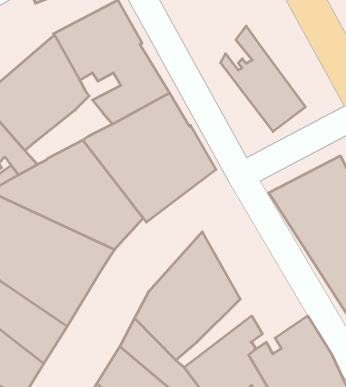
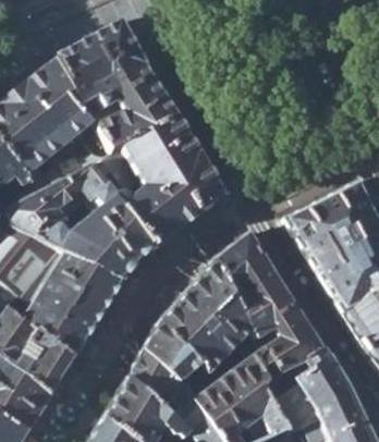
building: [220,26,305,132] -> none
building: none -> [30,119,121,189]
building: none -> [213,232,322,373]

